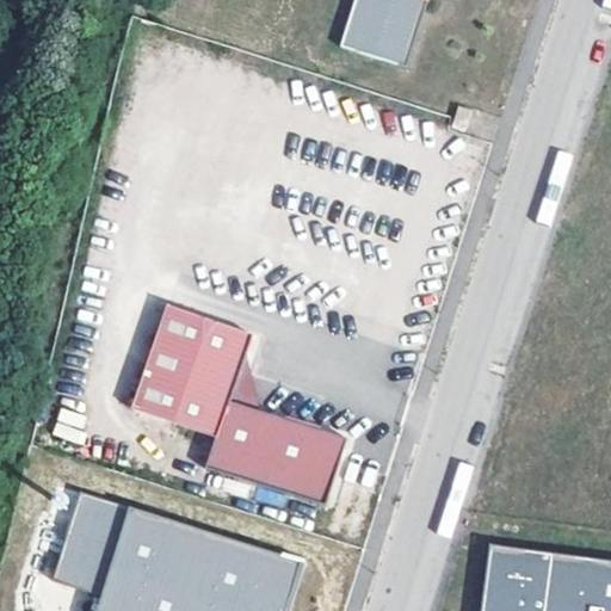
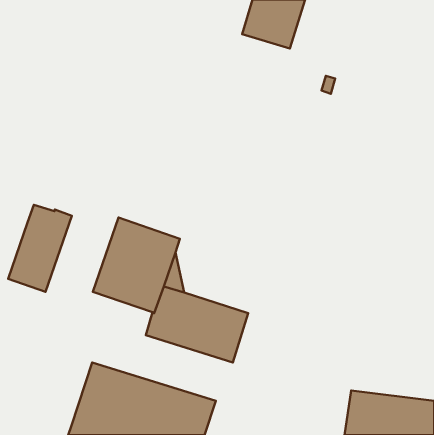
building: none -> [8,205,72,292]
building: [51,492,129,595] -> none

